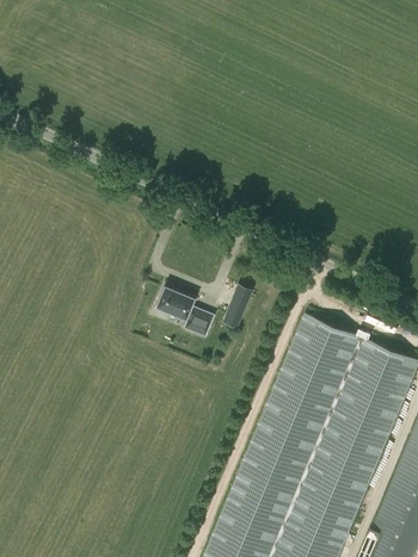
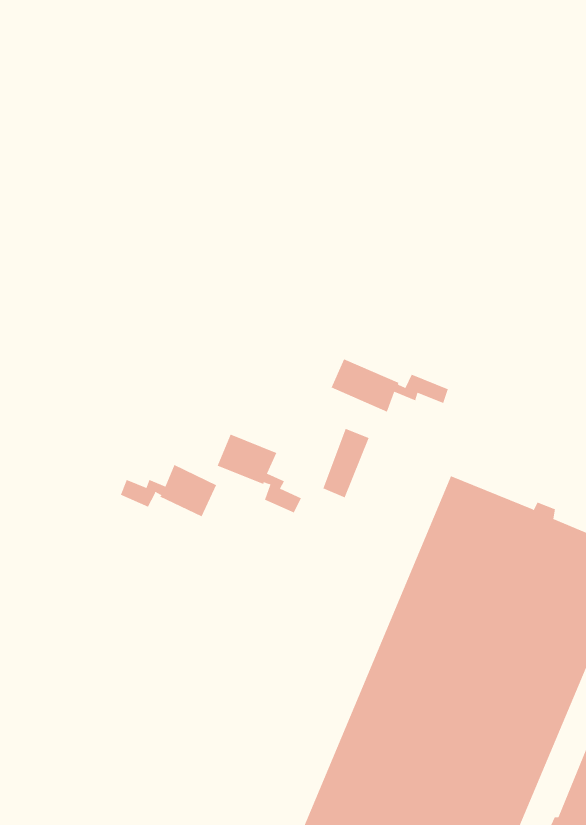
building: none -> [331,358,449,412]
building: none -> [120,464,217,517]

